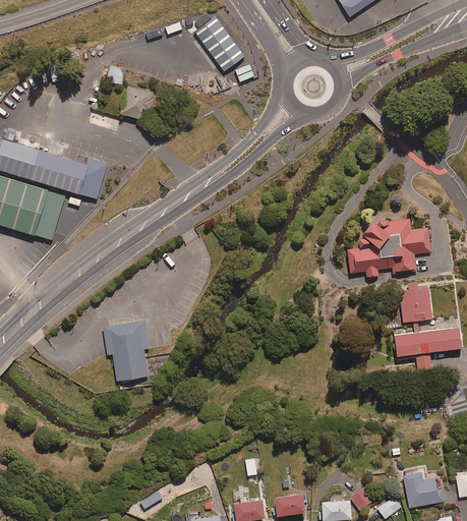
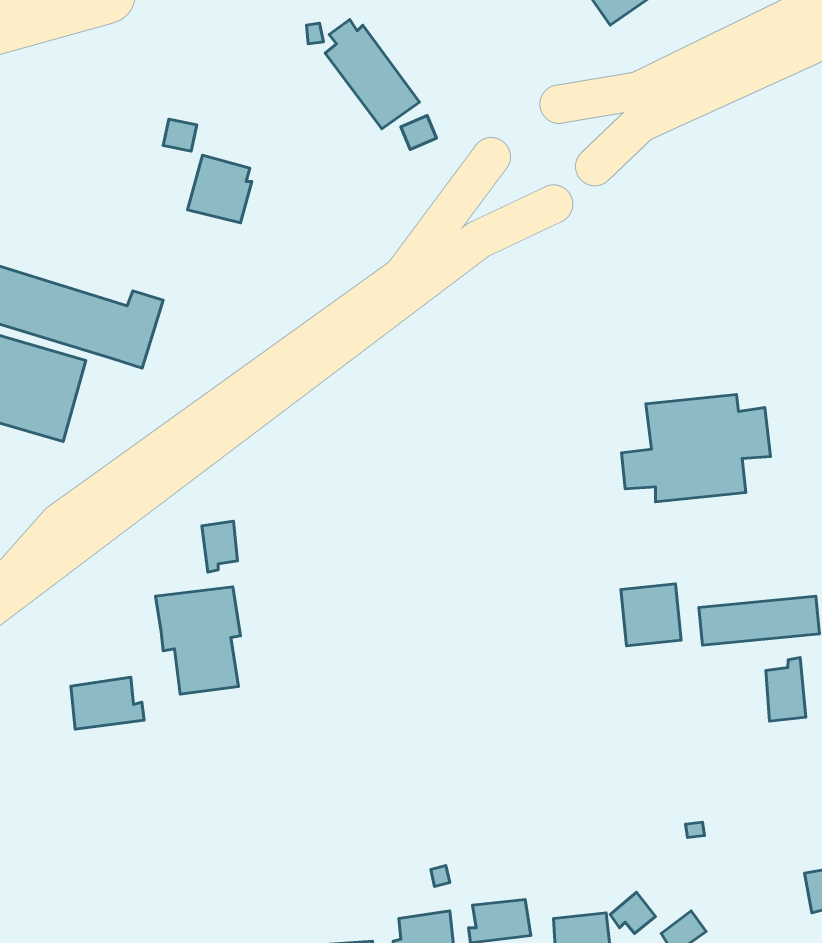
building: none -> [202,521,238,572]
building: [401,287,433,321] -> [621,584,681,646]
building: none -> [766,657,806,721]
building: none -> [71,677,144,729]
building: [402,472,444,508] -> none

